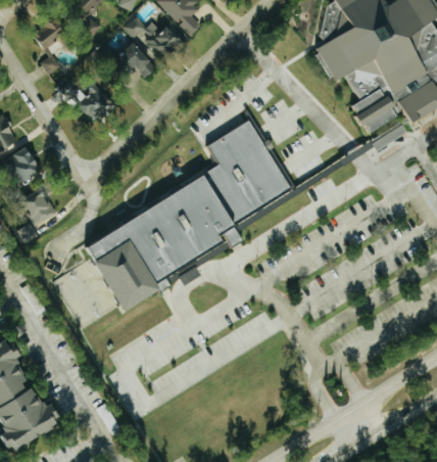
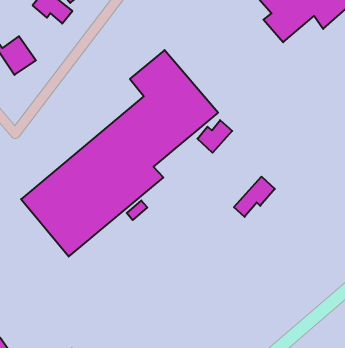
building: none -> [197,120,232,153]
building: none -> [234,177,275,217]

